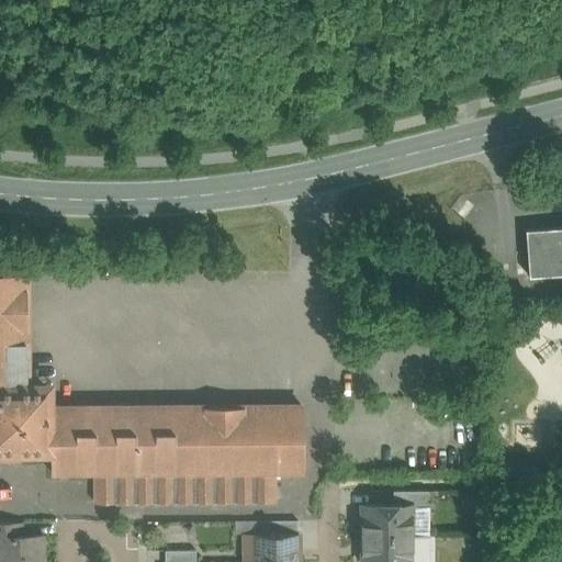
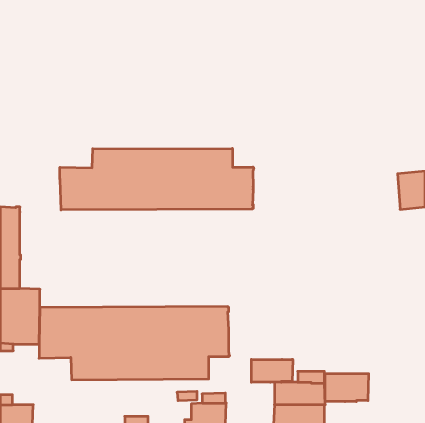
building: none -> [60,148,254,210]
building: none -> [251,359,293,382]
building: none -> [325,374,369,402]

